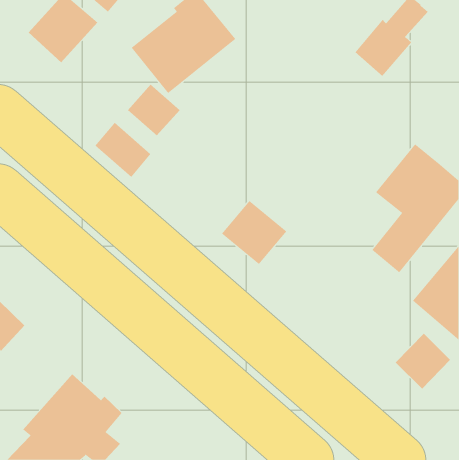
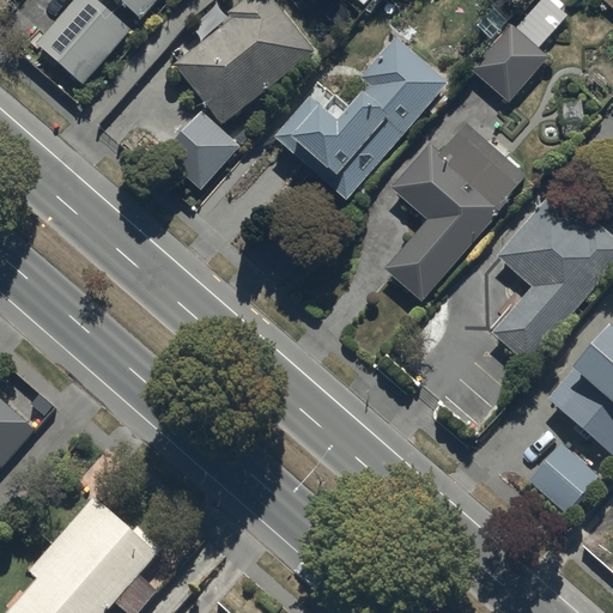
building: none -> [272,40,444,201]
building: none -> [384,123,526,301]
building: [95,122,151,178] -> none
building: [221,200,287,265] -> none

